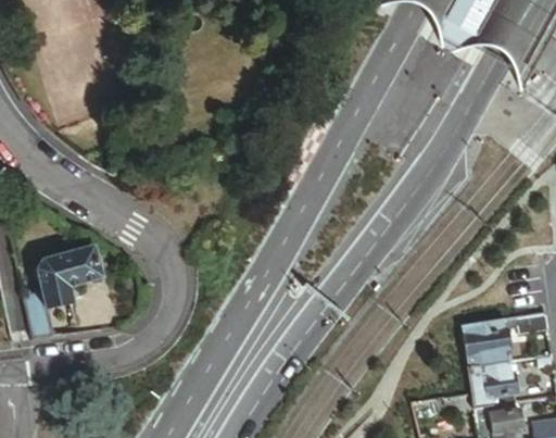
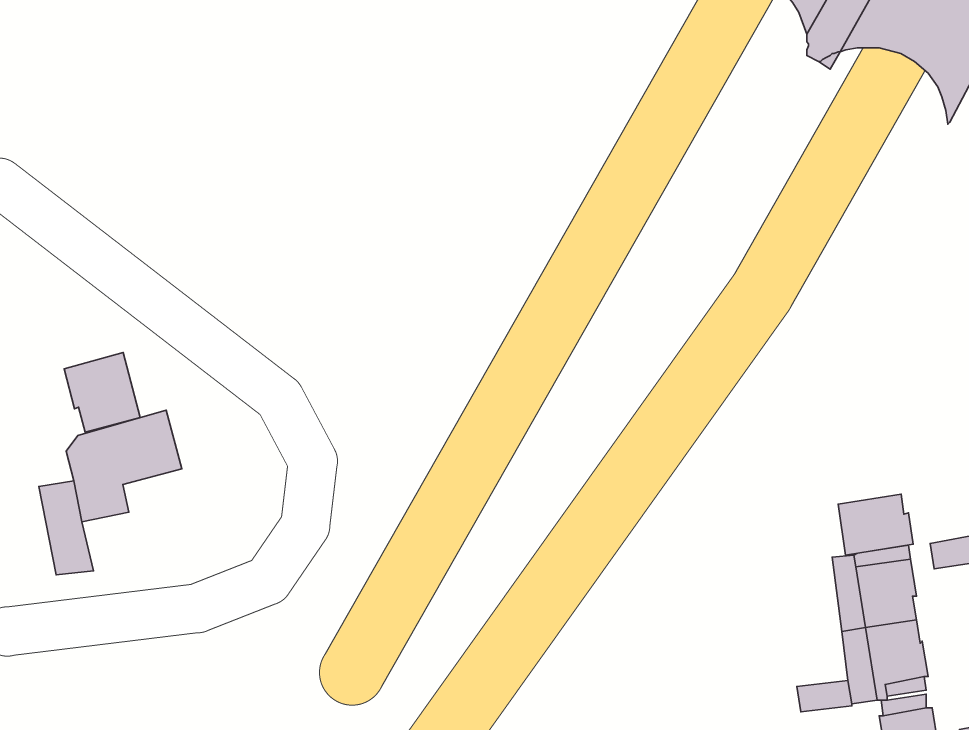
building: none -> [64,352,140,432]
building: none -> [838,494,913,555]

